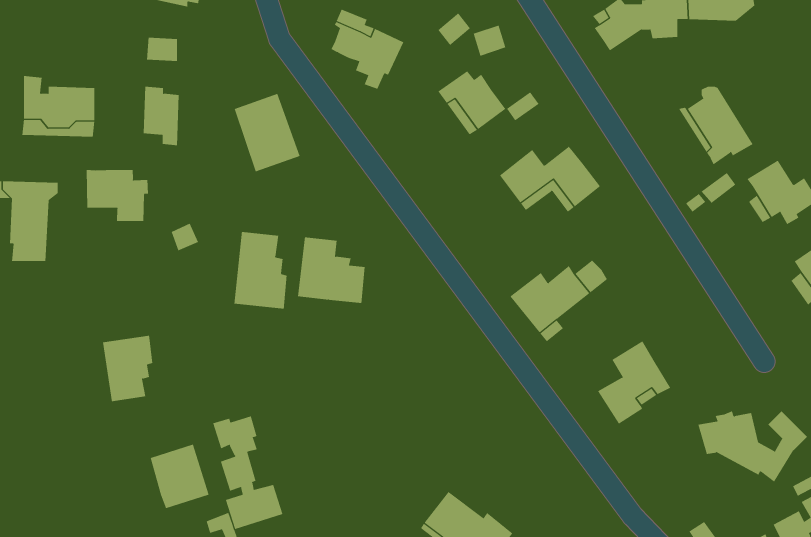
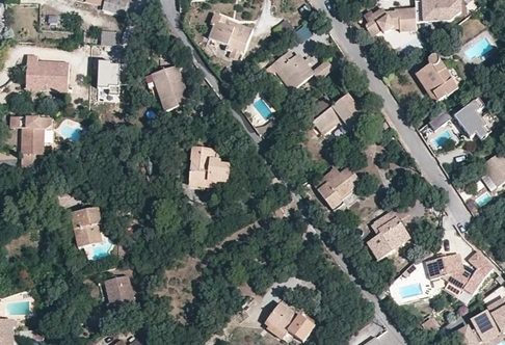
building: [86,169,149,222] -> none
building: [234,231,287,310] -> none
building: [212,415,283,530] -> none

